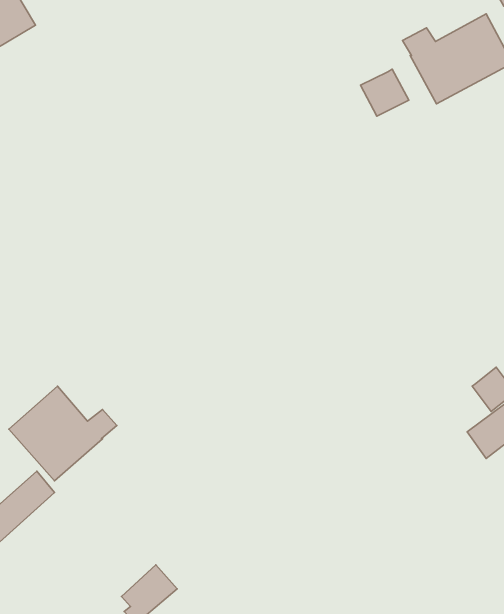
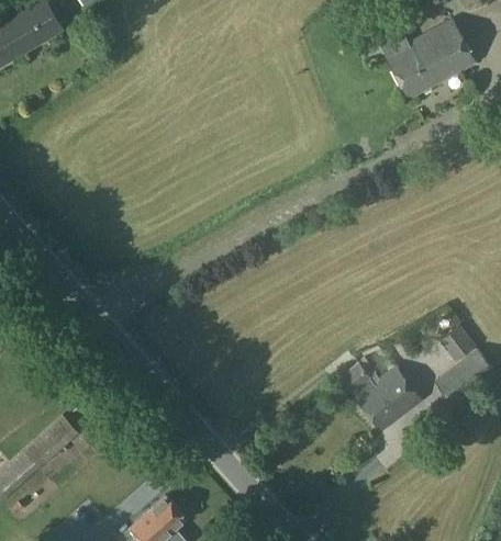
building: [360,69,409,116] -> none
building: [9,386,117,481] -> none
building: none -> [341,363,421,430]

